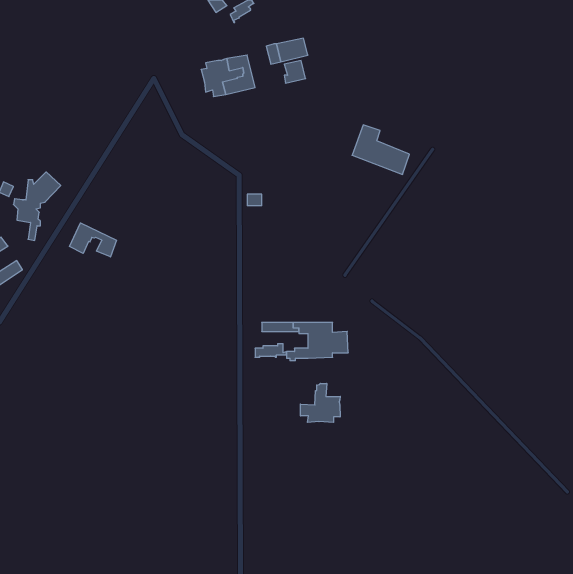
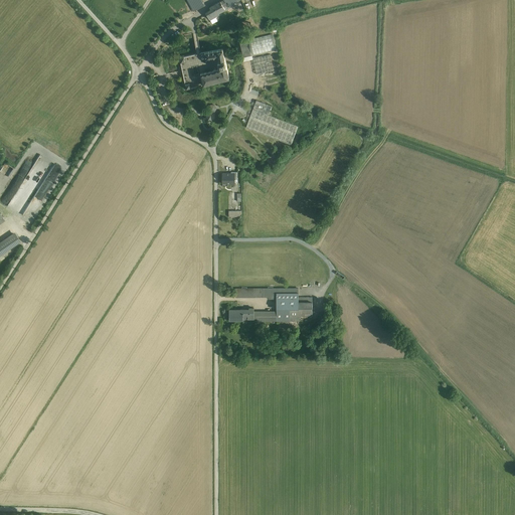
building: [352,125,409,174] -> [245,101,297,145]
building: [69,223,117,257] -> none
building: [300,383,340,422] -> none

